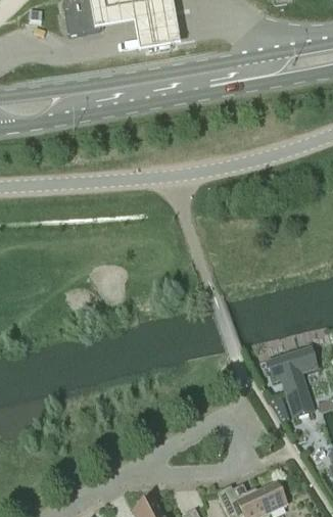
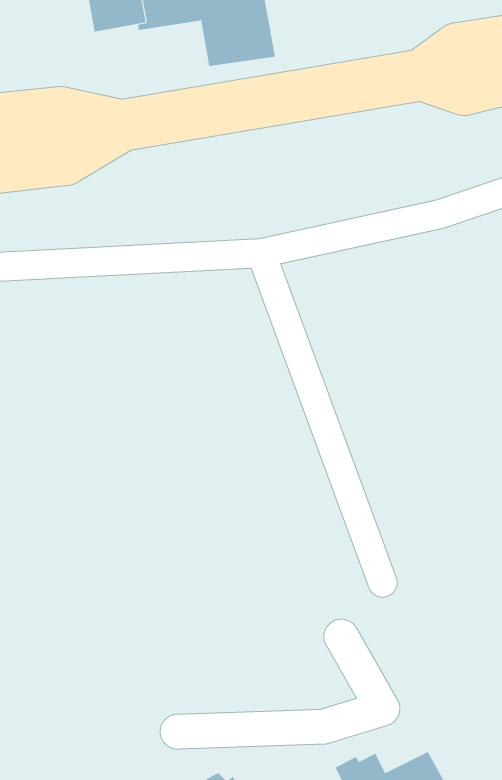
building: [267,344,318,414] -> none

